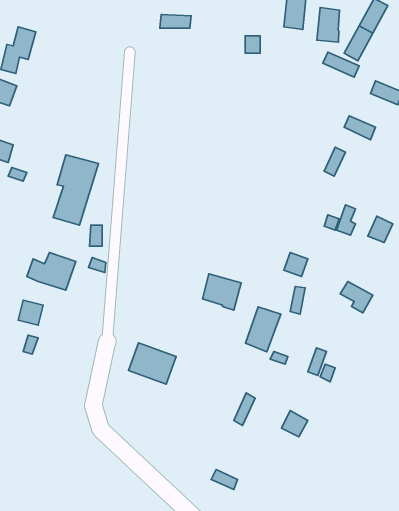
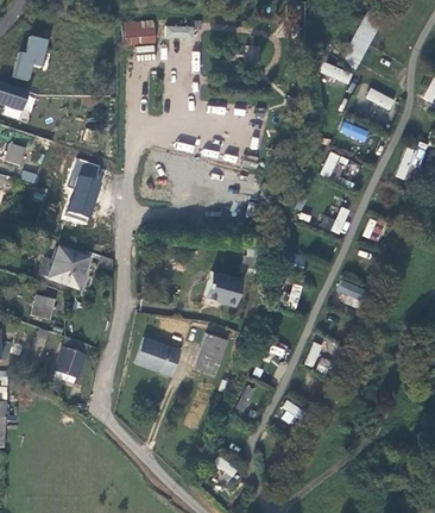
building: [317,8,340,42] -> none
building: none -> [122,21,156,43]
building: [246,307,281,352] -> [195,332,228,375]
building: none -> [55,337,89,383]

